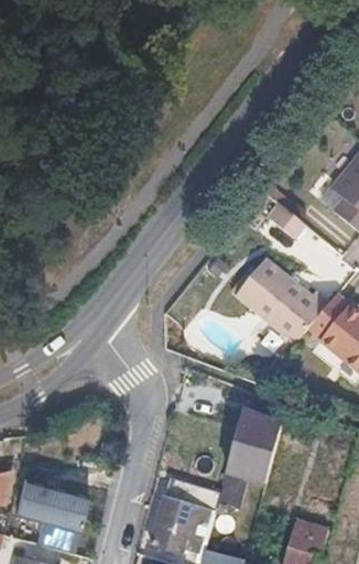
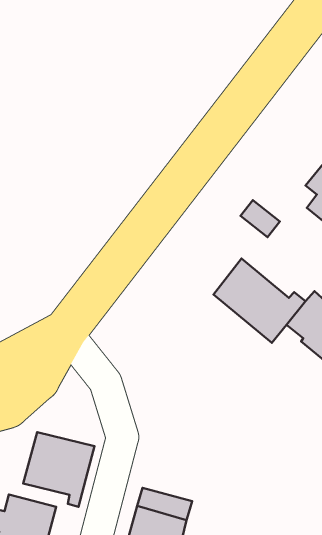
building: [224,409,282,490] -> none
building: none -> [23,432,94,507]

